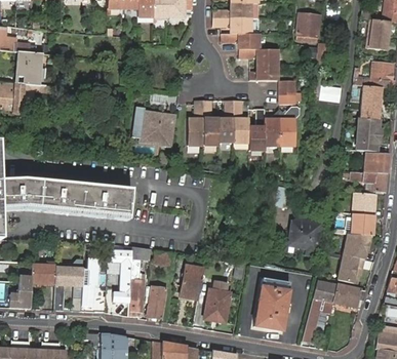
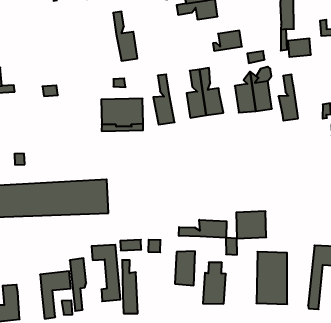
building: [239,50,277,67] -> none
building: [202,97,219,144] -> [113,12,137,61]
building: [249,107,265,149] -> [278,75,298,121]
building: [288,221,319,248] -> [236,211,266,238]
building: none -> [179,220,227,238]
building: [32,262,55,282] -> none
building: [147,285,167,318] -> none

